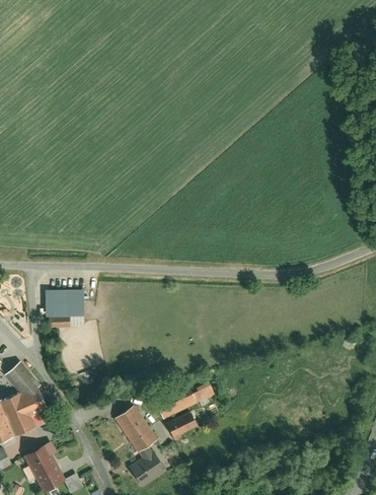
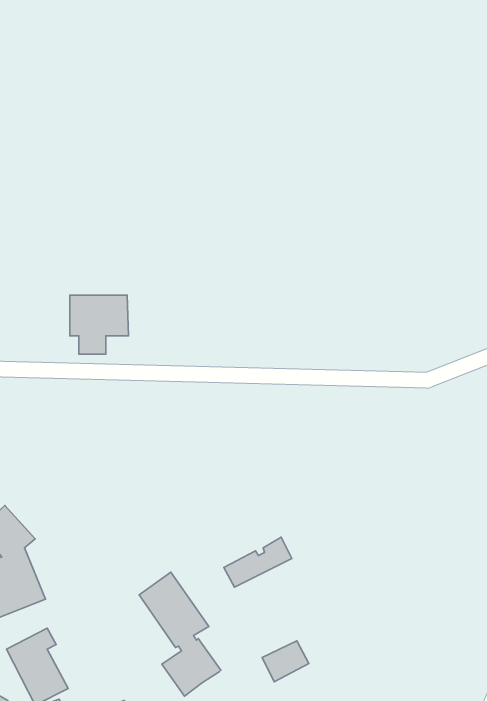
building: [45,290,84,330] -> [70,295,129,354]
building: [165,412,197,439] -> [262,641,309,682]

